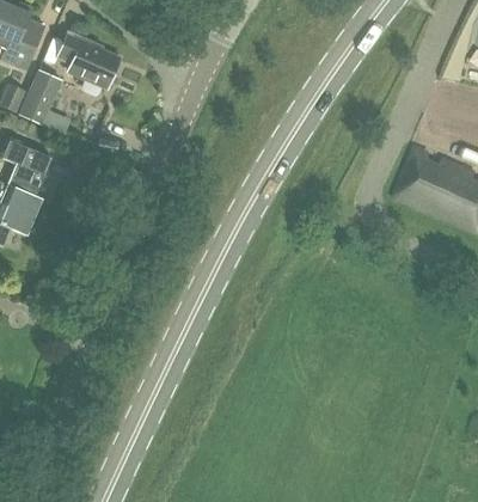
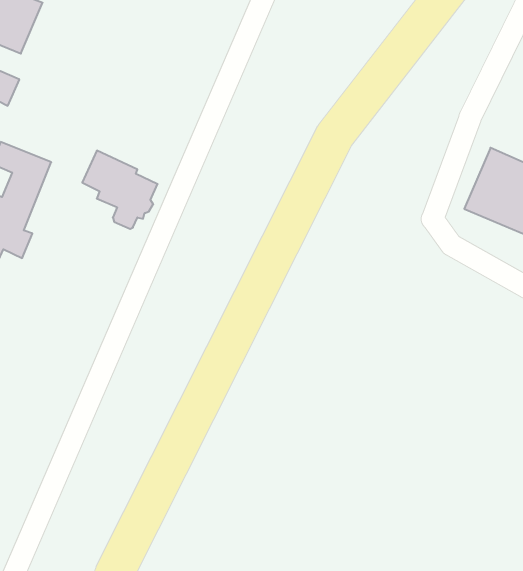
building: [56,30,118,94] -> [82,151,158,229]
building: [23,65,68,122] -> none

